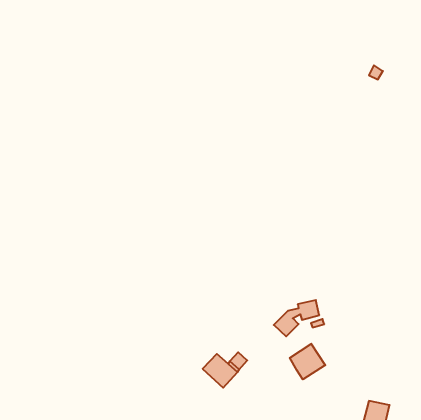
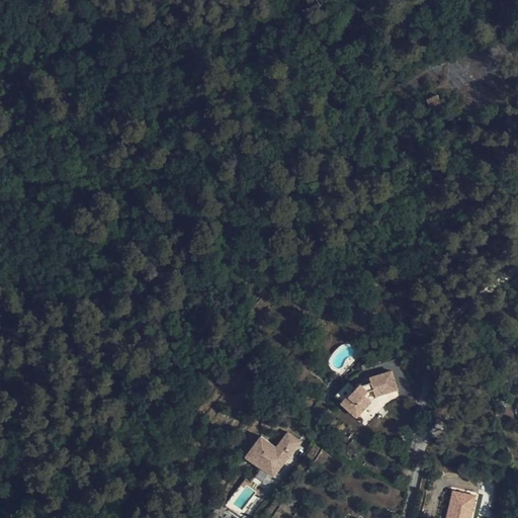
building: [290,344,325,379] -> none

